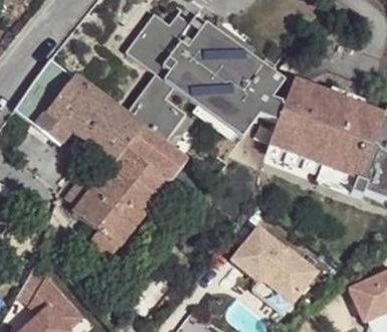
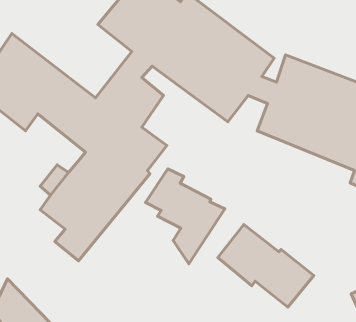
building: none -> [145,169,225,264]

